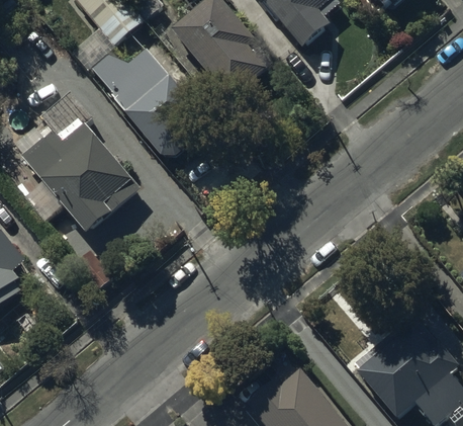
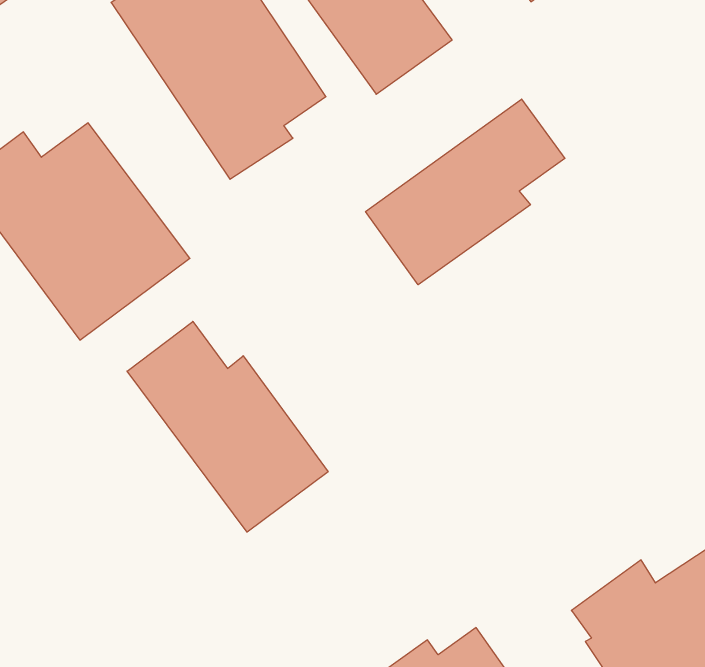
building: none -> [366,99,565,285]
building: none -> [127,321,328,532]

